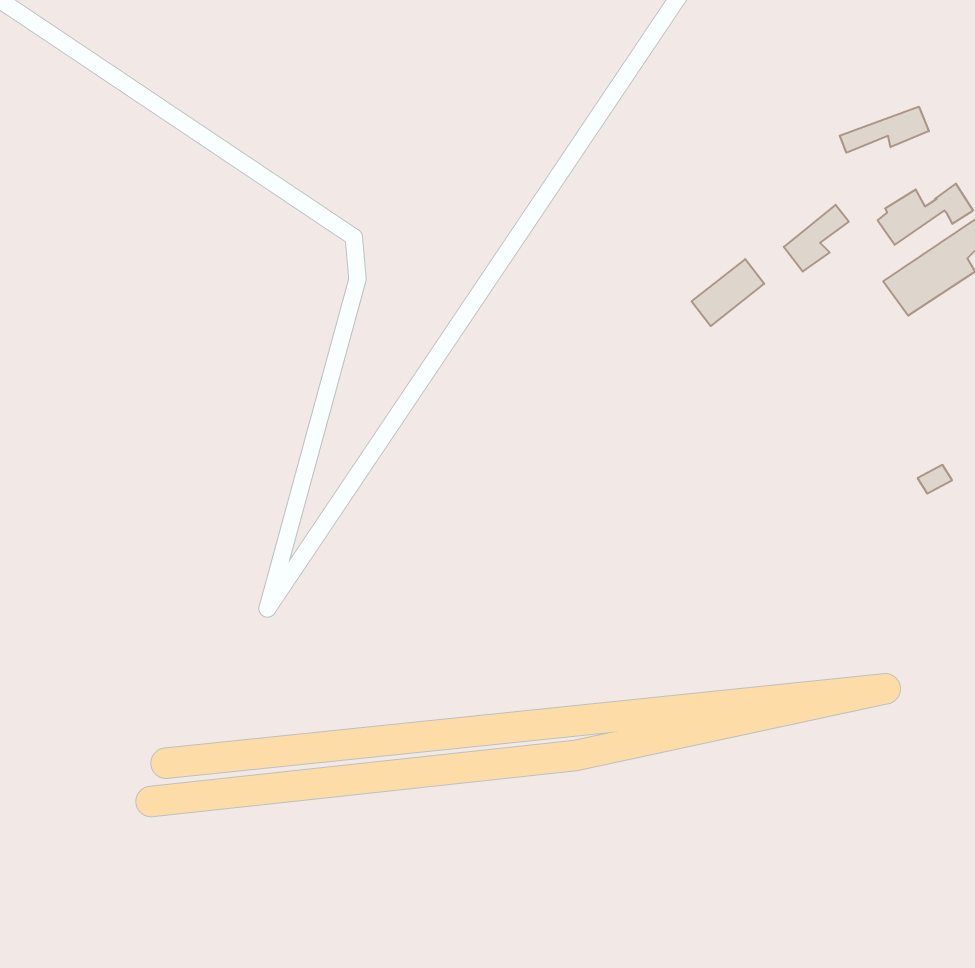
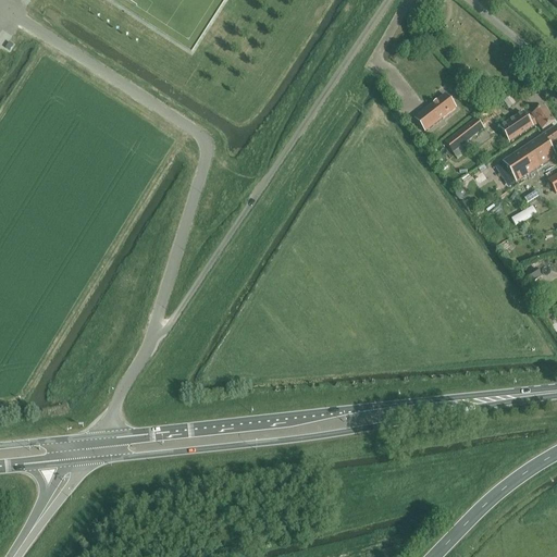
building: [840,107,929,153] -> none
building: [692,259,764,326] -> [416,92,457,131]

